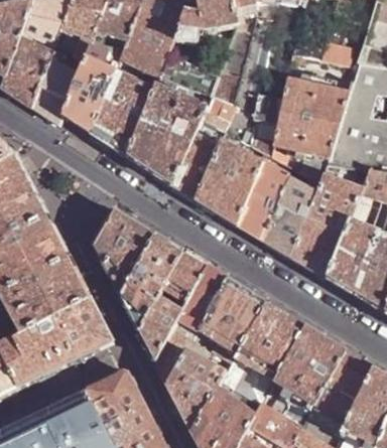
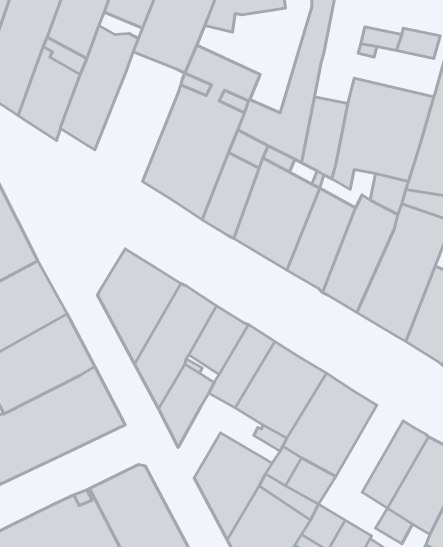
building: [91,72,154,157] -> none
building: [274,327,326,394] -> none
building: [154,328,191,383] -> none

